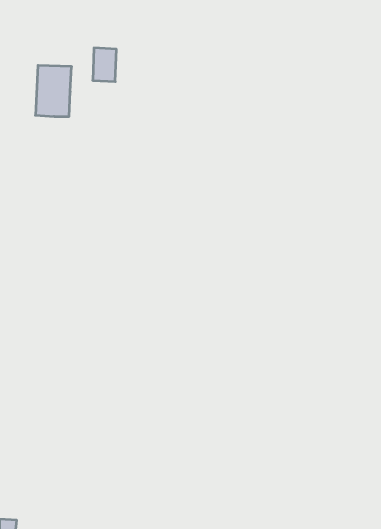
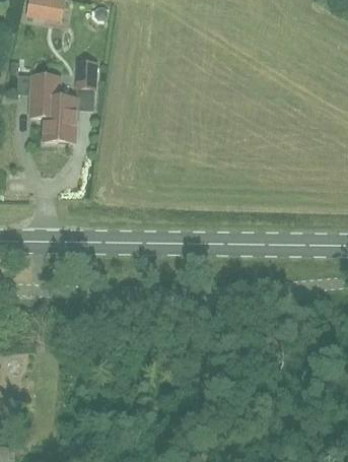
building: none -> [44,96,75,141]

